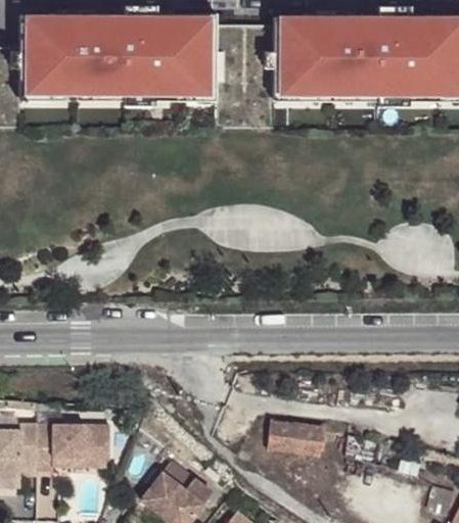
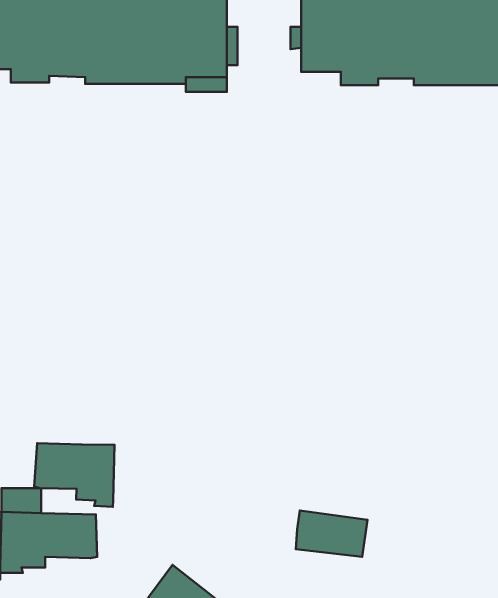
building: none -> [34,443,114,507]

